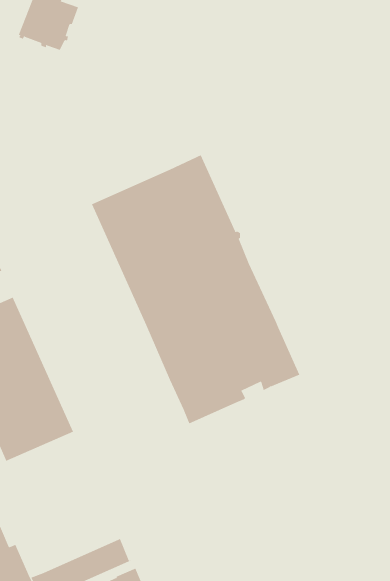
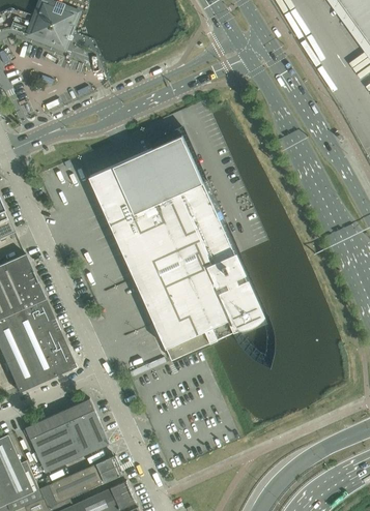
building: none -> [26,399,111,474]

